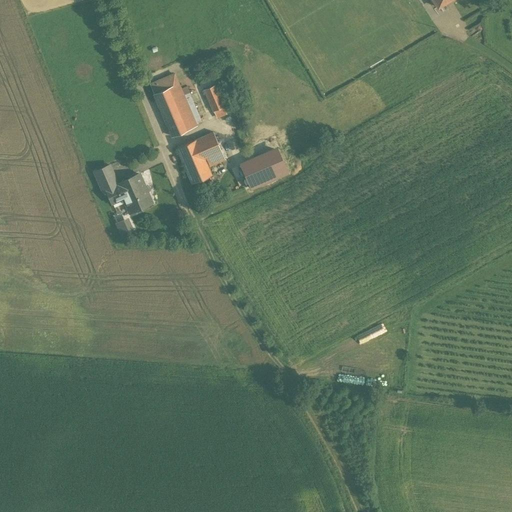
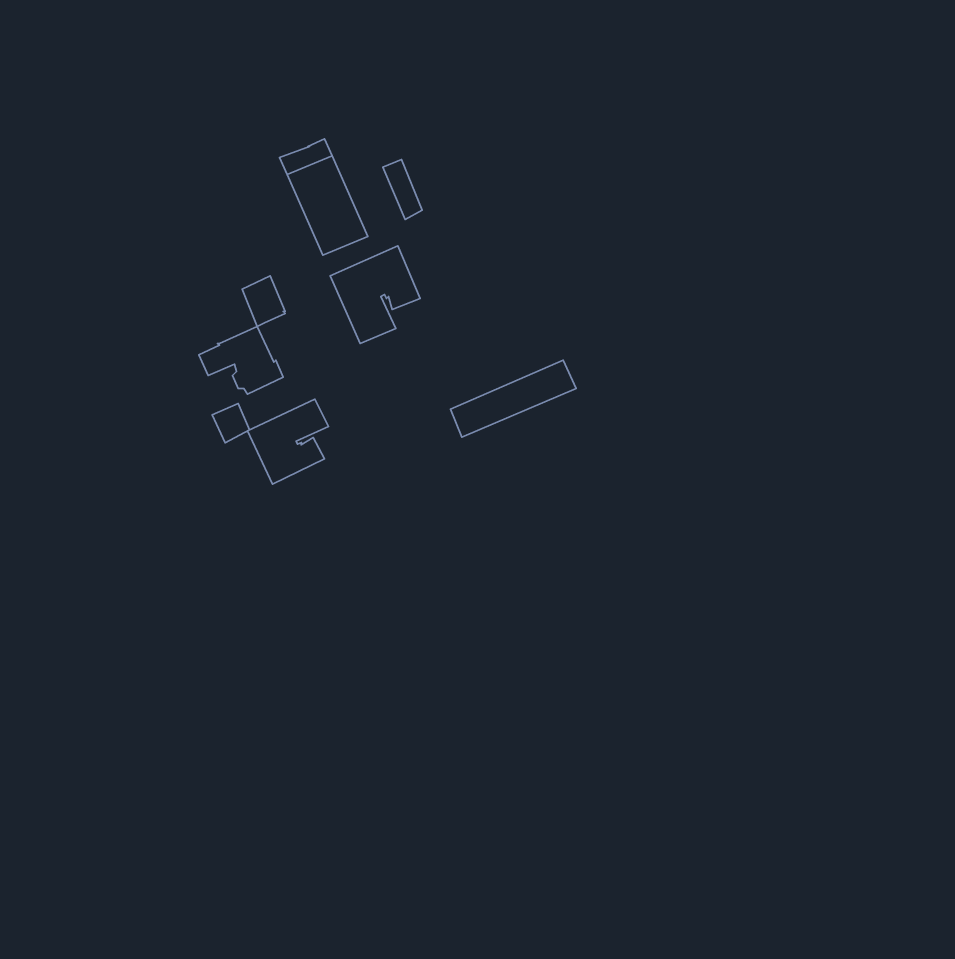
building: [233,143,300,184] -> [450,360,576,437]
building: [96,164,119,191] -> [242,276,285,327]
building: none -> [247,399,329,484]

